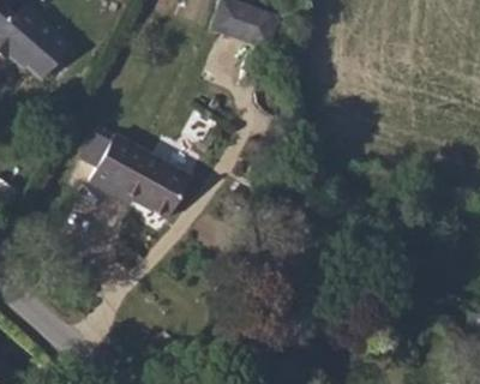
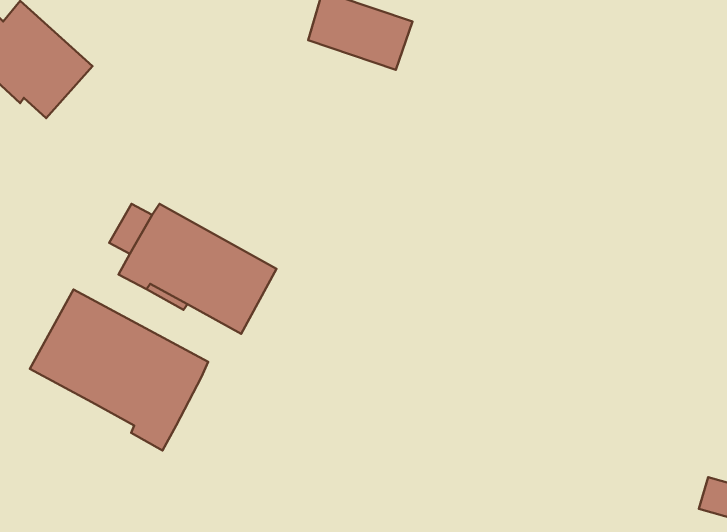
building: none -> [30,290,208,450]

